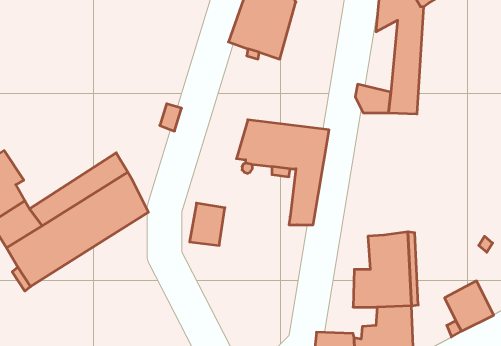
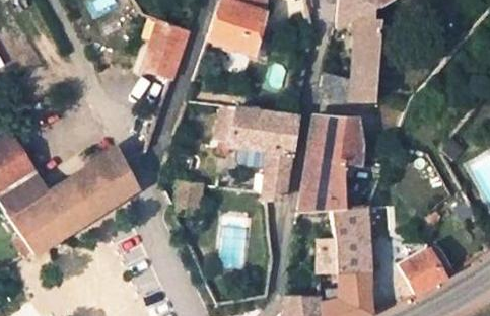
building: none -> [145,16,190,77]
building: none -> [298,115,362,213]

